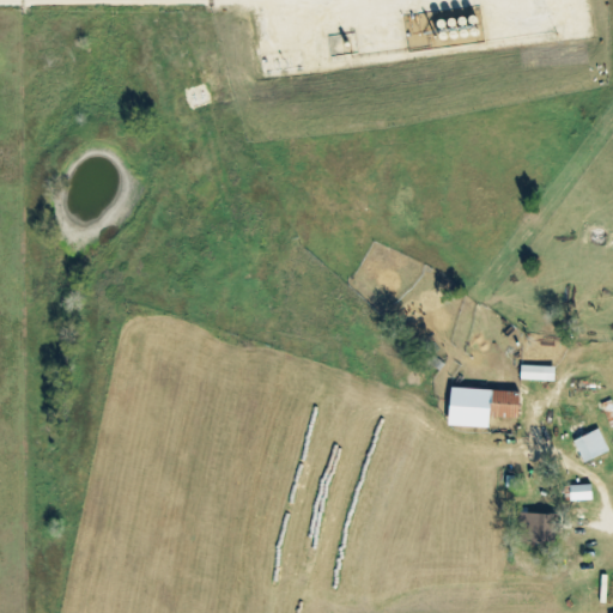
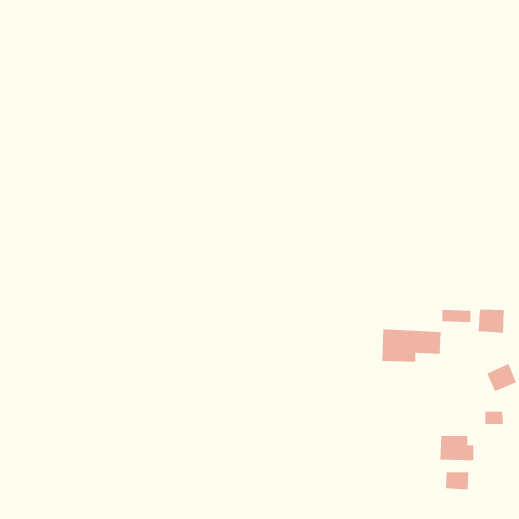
building: none -> [478,309,504,334]
building: none -> [445,471,469,490]

